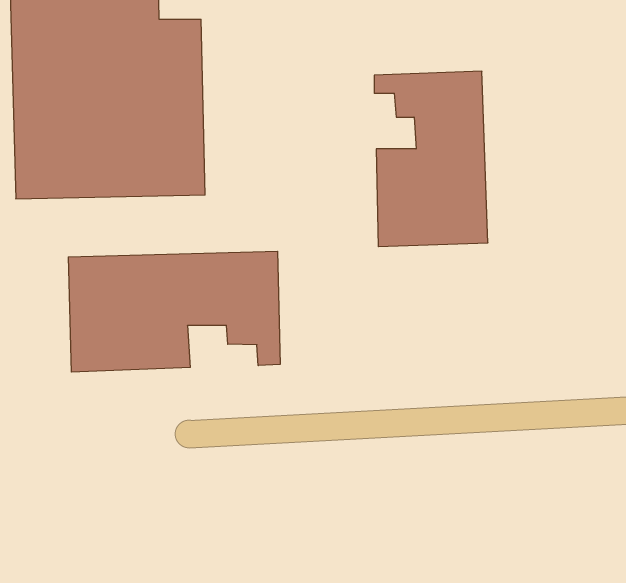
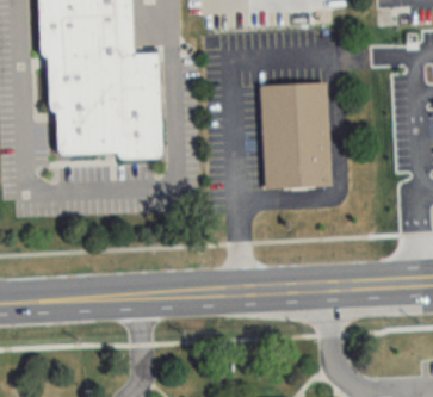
building: [68,251,280,372] -> none

